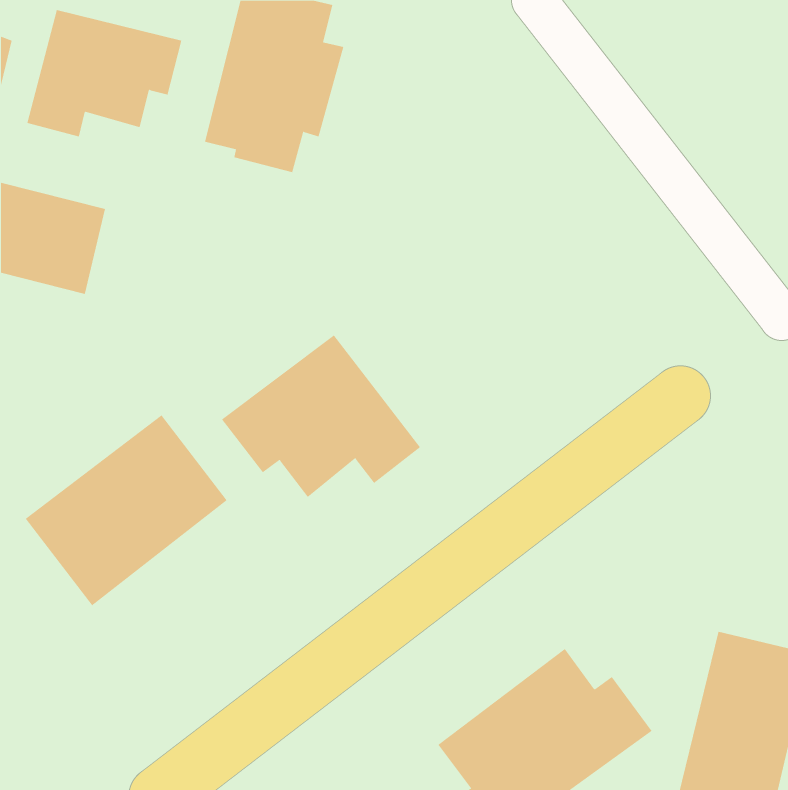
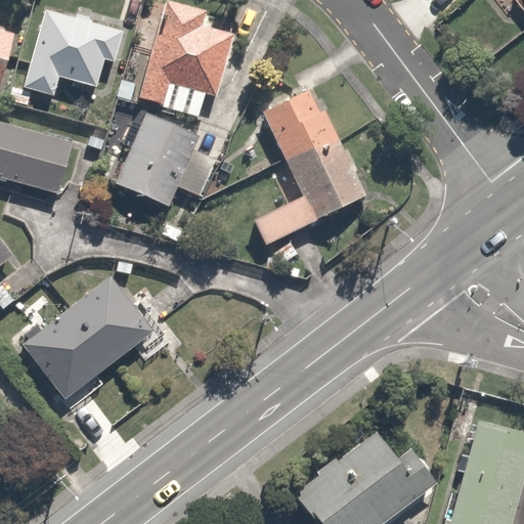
building: none -> [256,88,365,246]
building: none -> [118,113,201,206]
building: [221,335,421,498] -> none

